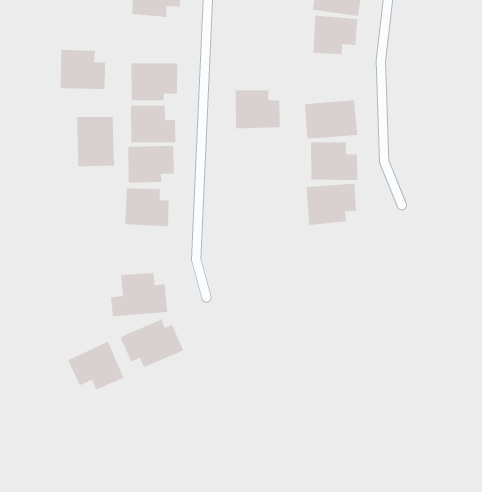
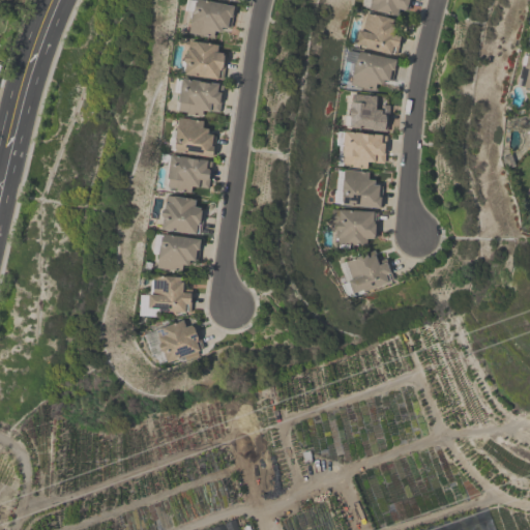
building: [60,50,106,90] -> [182,39,228,81]
building: [235,90,281,129] -> [346,93,390,132]
building: [77,116,114,167] -> none
building: none -> [338,251,395,297]
building: none -> [158,235,202,270]
building: [68,341,124,391] -> none

